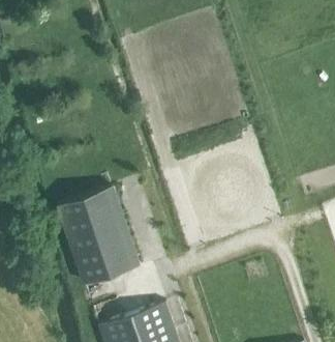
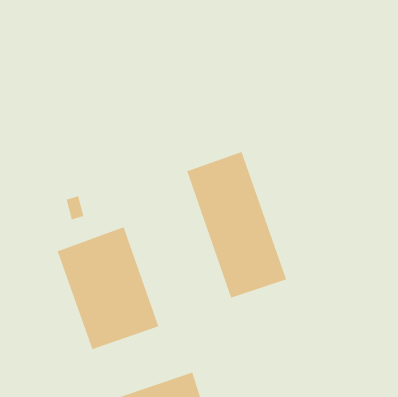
building: none -> [187,151,287,298]

